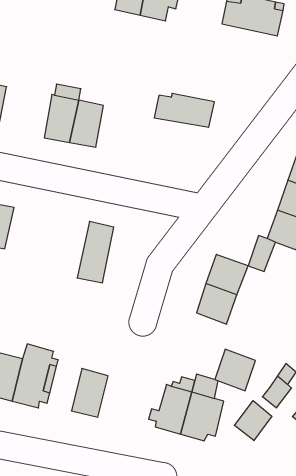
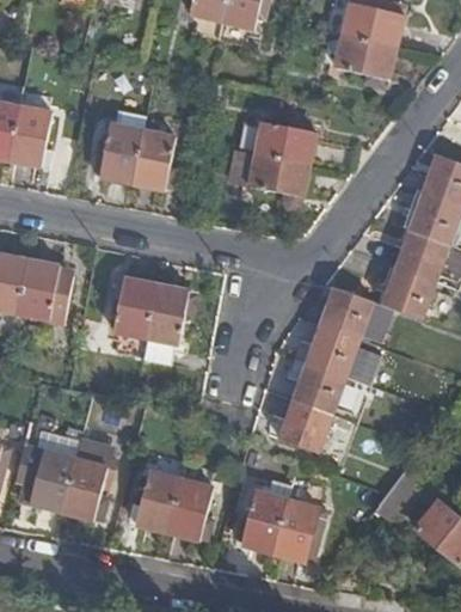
building: none -> [319,32,397,86]
building: none -> [235,152,309,195]
building: none -> [110,277,158,355]
building: none -> [319,287,373,339]
building: [215,349,255,391] -> [281,399,332,452]
building: none -> [168,479,214,540]
building: [234,401,272,441] -> none

